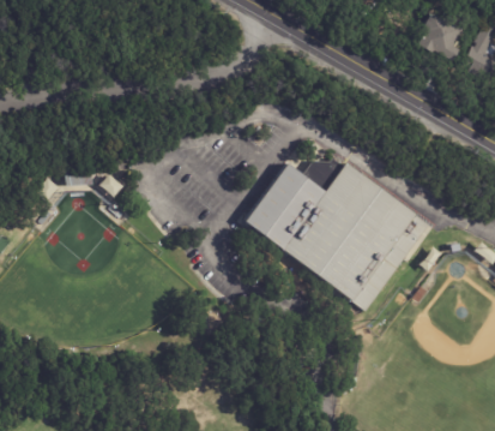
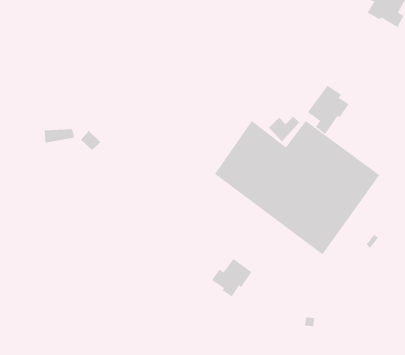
building: none -> [307,85,349,135]
building: none -> [211,258,252,297]

